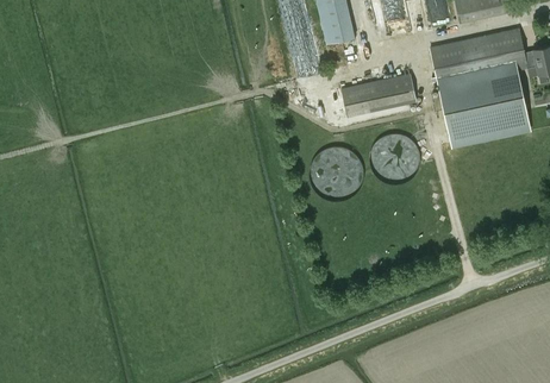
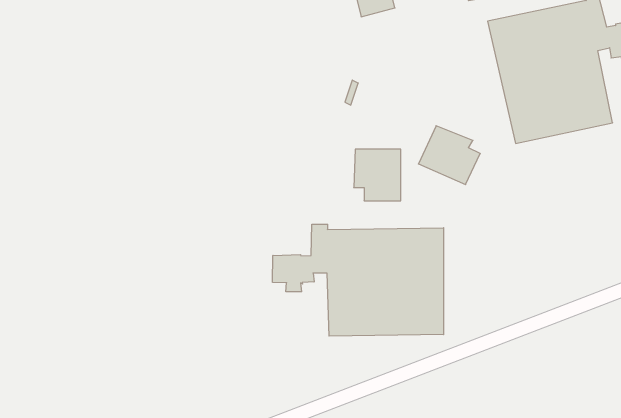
building: [340,75,417,118] -> none
building: none -> [273,224,444,336]

